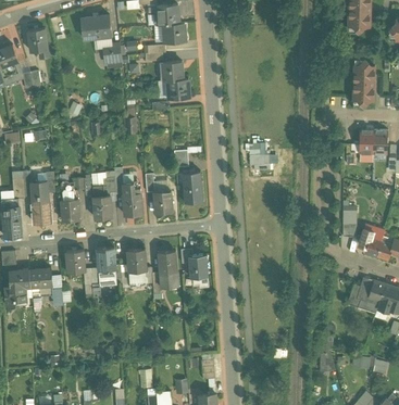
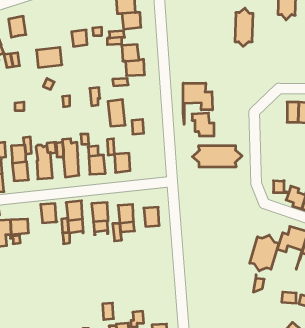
building: [80,15,111,39] -> [36,47,62,67]
building: [352,59,374,104] -> [235,8,253,46]
building: none -> [183,83,212,124]
building: [182,170,202,202] -> [108,100,125,126]
building: none -> [192,146,242,167]
building: none -> [250,235,279,271]

